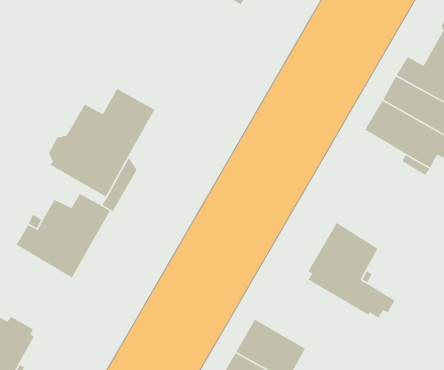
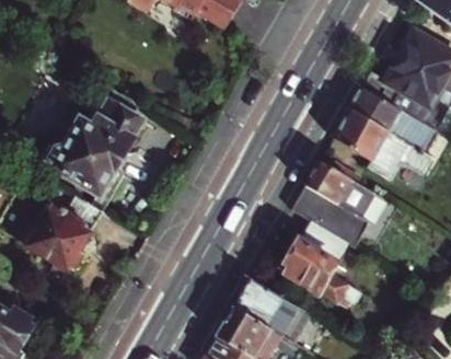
building: none -> [291,160,397,248]
building: none -> [234,278,299,337]

